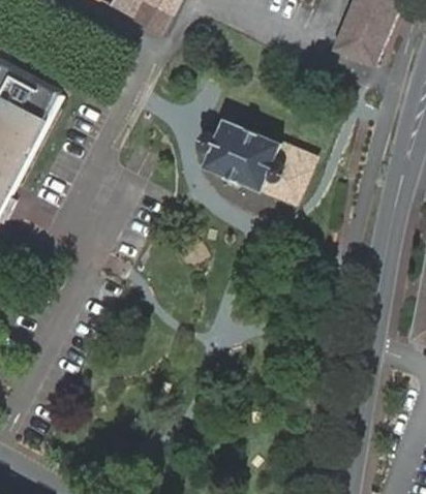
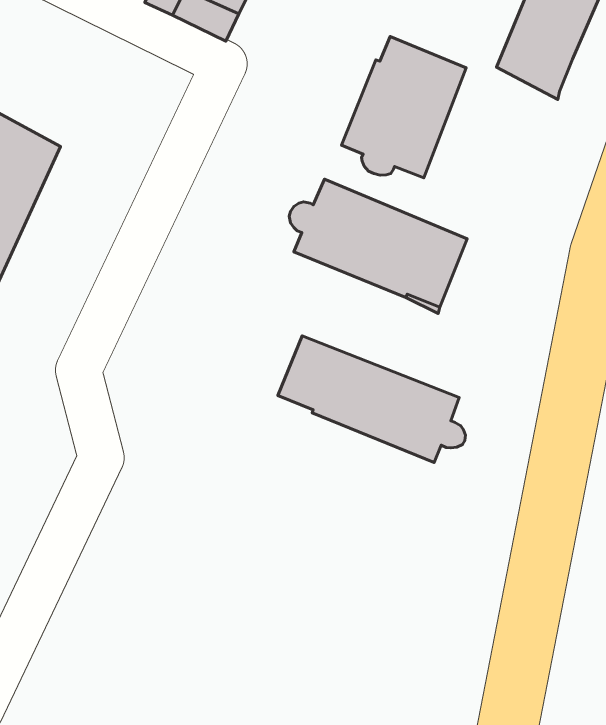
building: none -> [341,37,466,178]
building: none -> [278,336,465,462]

